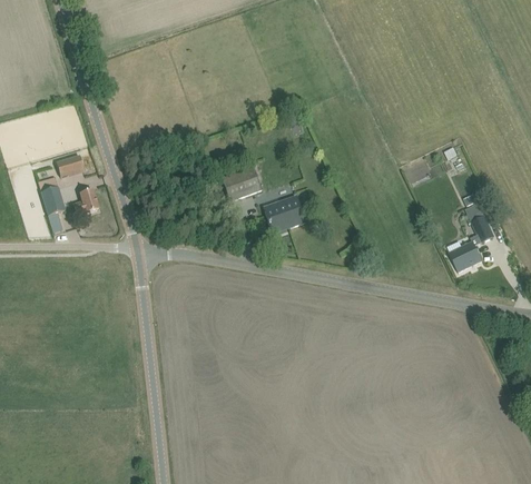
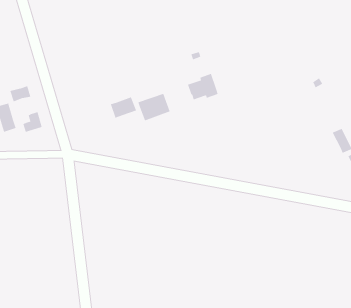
building: none -> [110,96,137,119]
building: [264,195,304,229] -> [187,73,219,100]
building: [450,234,481,269] -> none

